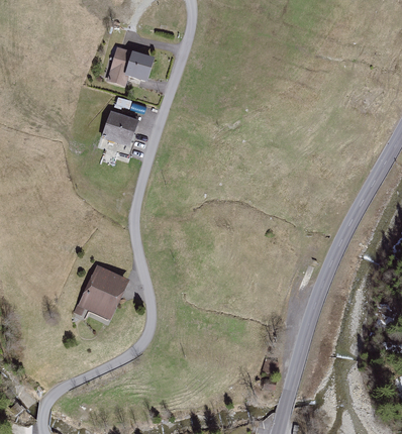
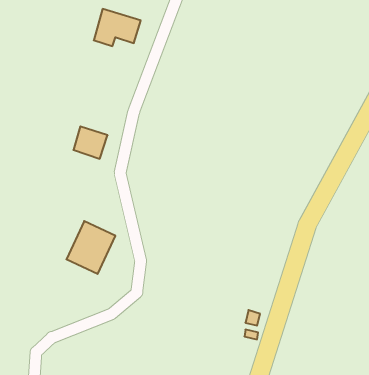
building: [103,113,138,146] -> [73,126,108,159]

